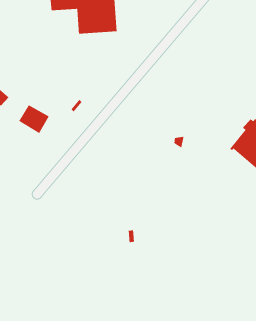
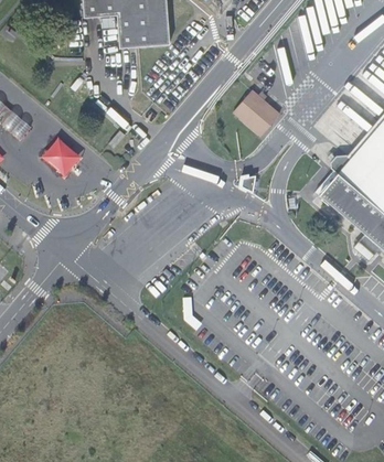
building: none -> [234,89,279,135]

